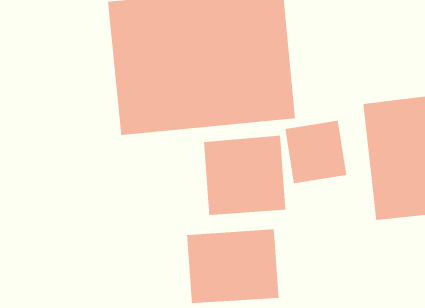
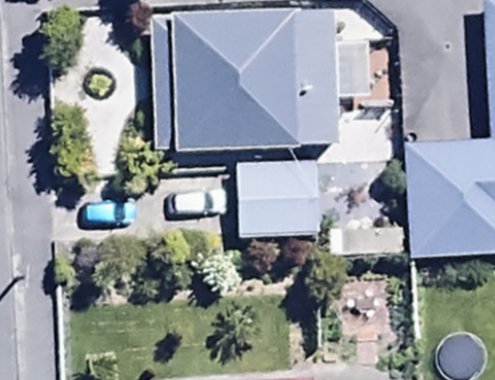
building: [187,228,279,304] -> none

